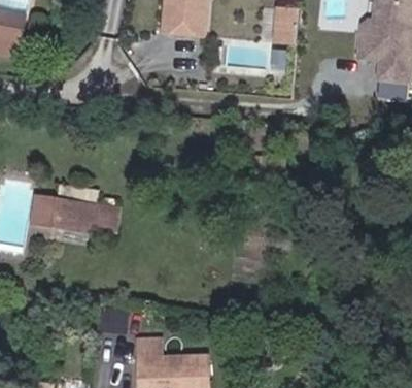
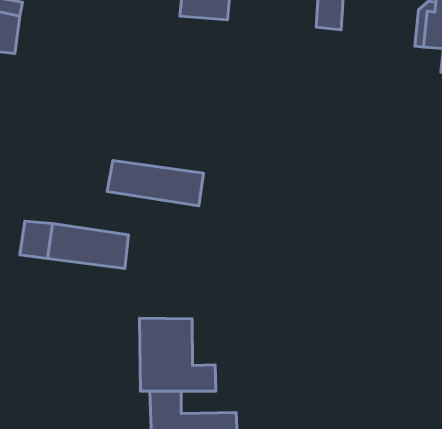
building: none -> [107,161,203,206]
building: none -> [139,318,216,391]

